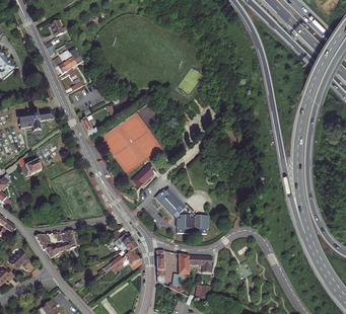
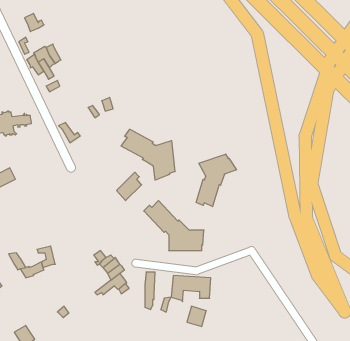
building: none -> [121,129,175,180]
building: none -> [196,154,236,207]

